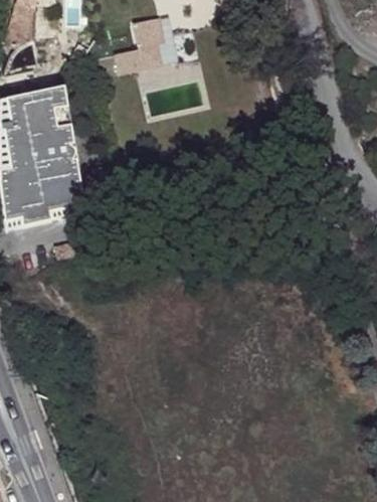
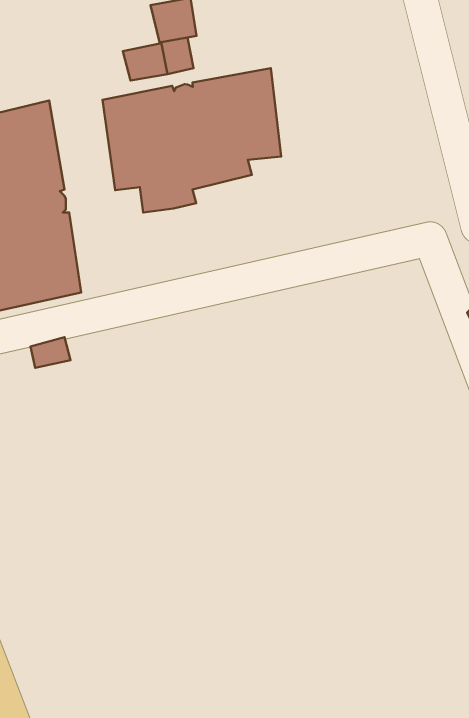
building: none -> [103,68,281,212]

